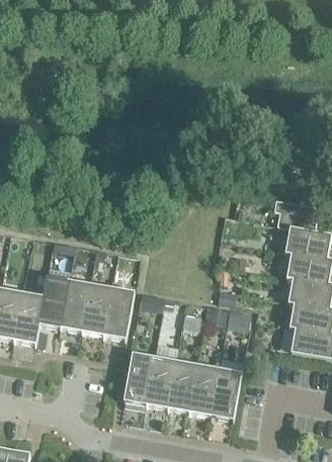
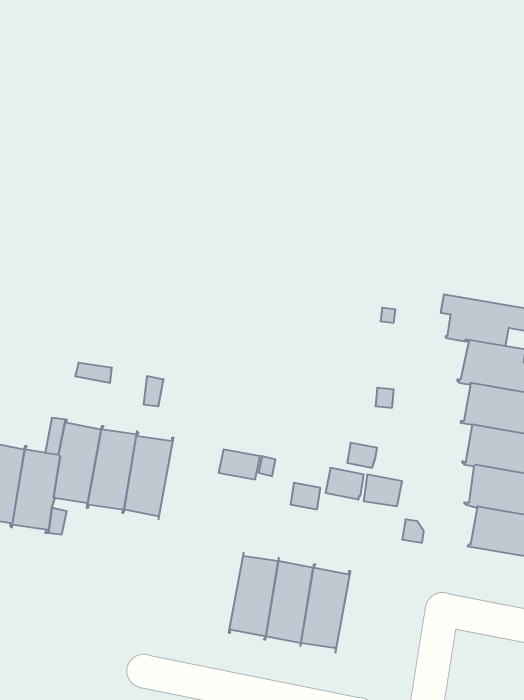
building: [102,286,134,340] -> none
building: [122,352,154,404] -> none
building: [210,367,241,420] -> none

